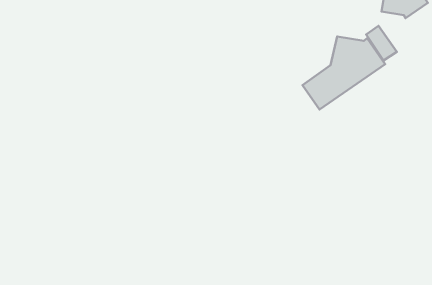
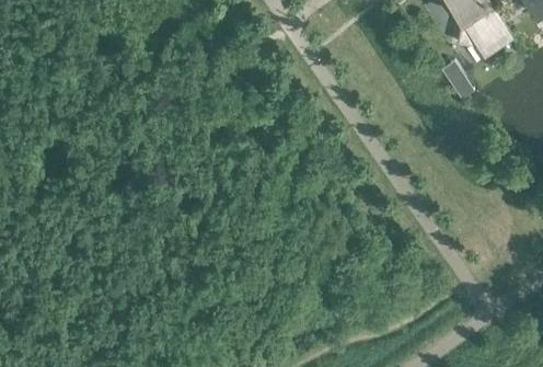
building: [302,37,385,110] -> none

